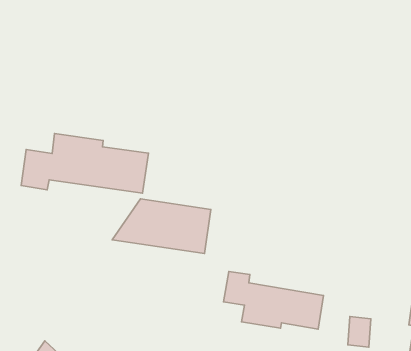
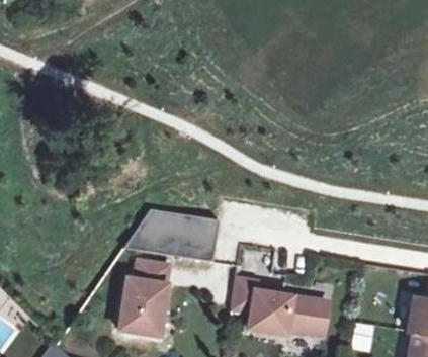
building: [21,133,148,193] -> none
building: none -> [118,260,168,335]

